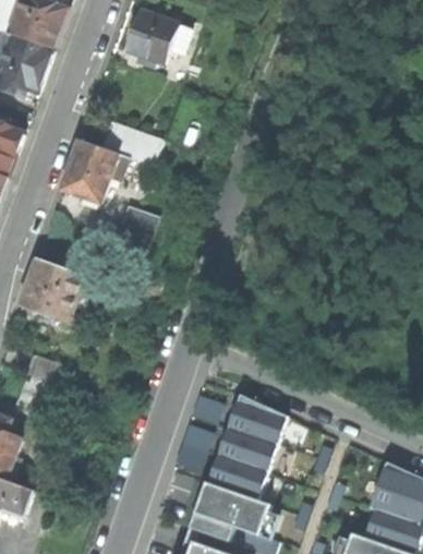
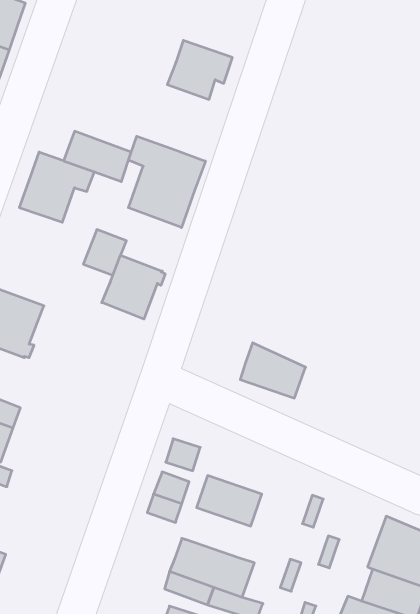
building: [126,11,184,63] -> [167,40,232,99]
building: none -> [128,136,205,228]
building: none -> [102,255,165,319]
building: [228,394,286,443] -> [240,343,306,398]
building: [208,455,266,499] -> none

